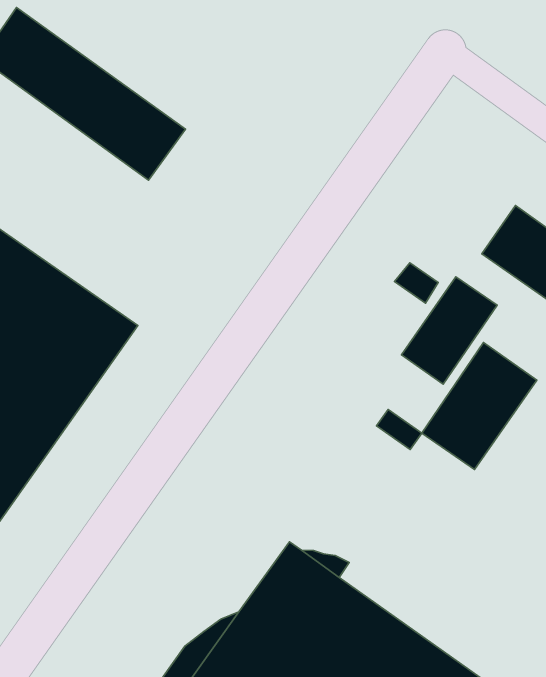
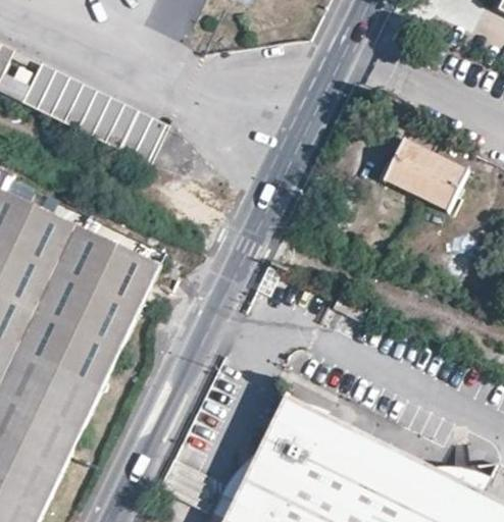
building: [402,277,497,384] -> none
building: [422,342,537,469] -> none

